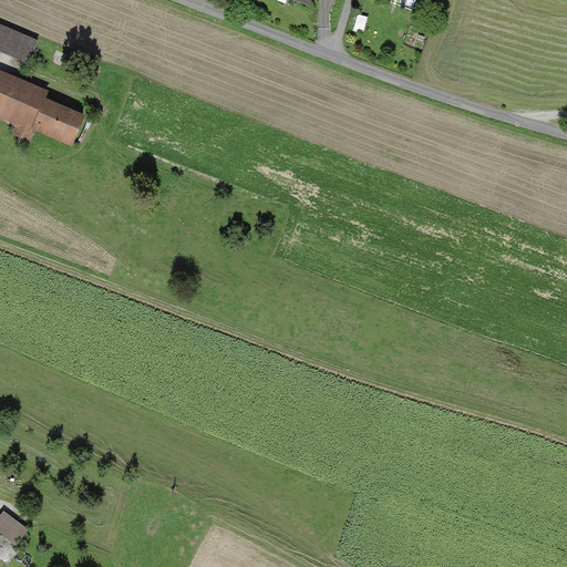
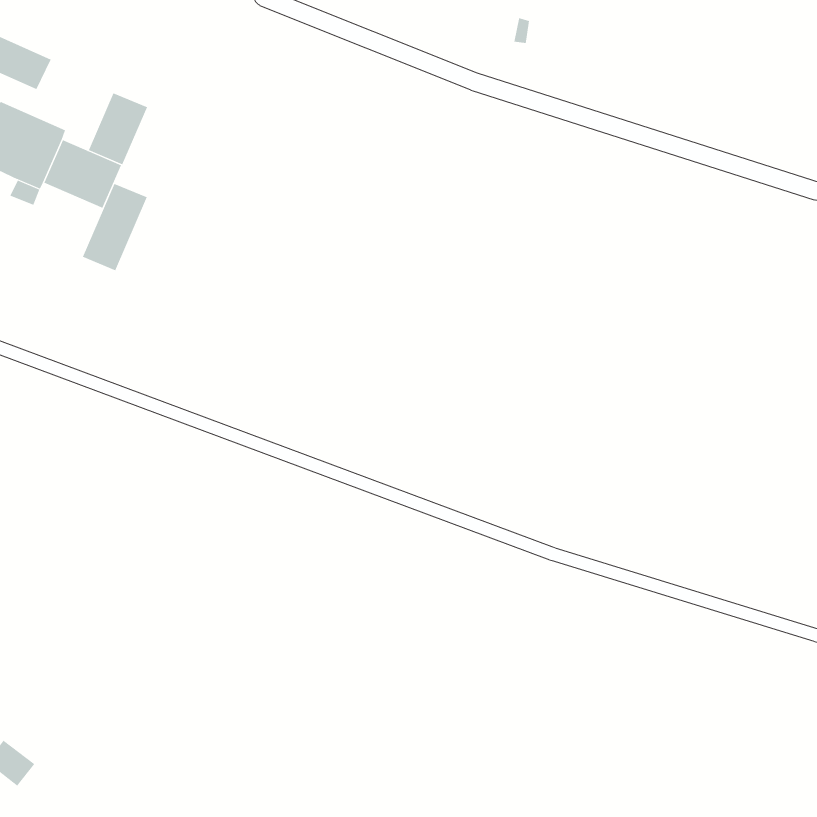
building: none -> [88,92,148,165]
building: none -> [82,183,147,271]

